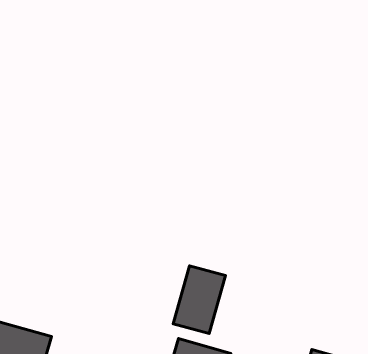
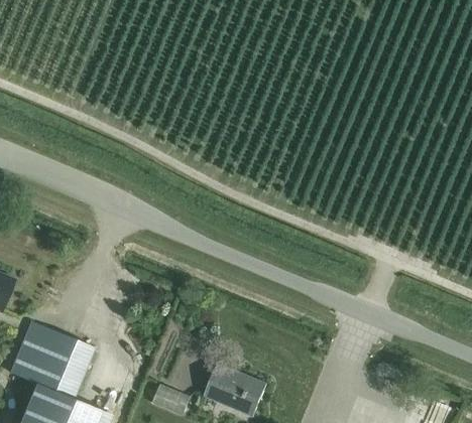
building: [173,266,226,334] -> none

